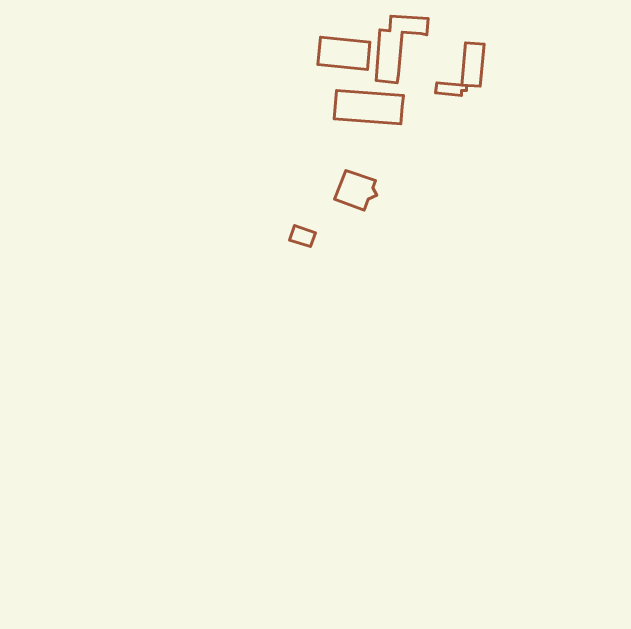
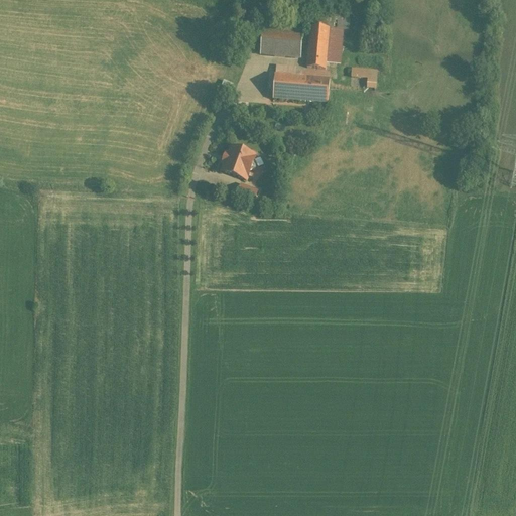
building: [462,43,484,86] -> [325,26,343,61]
building: [335,171,377,210] -> [221,146,255,178]

